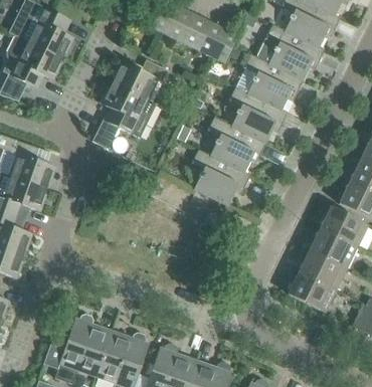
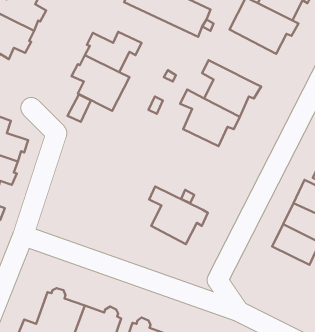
building: [244,54,303,110] -> none
building: [192,149,250,206] -> [149,186,208,244]
building: [289,271,336,312] -> none

